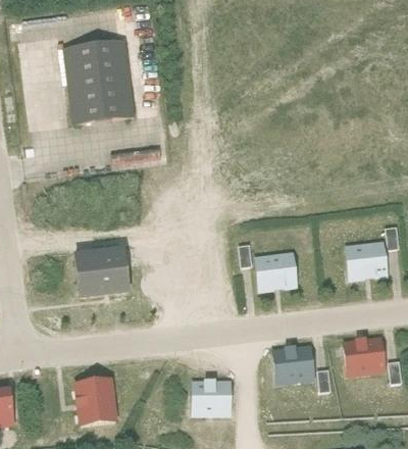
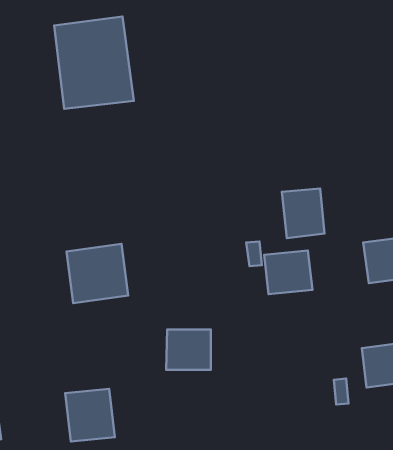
building: none -> [282,188,325,238]
building: [271,344,315,386] -> none
building: [191,380,232,416] -> [166,329,211,370]

